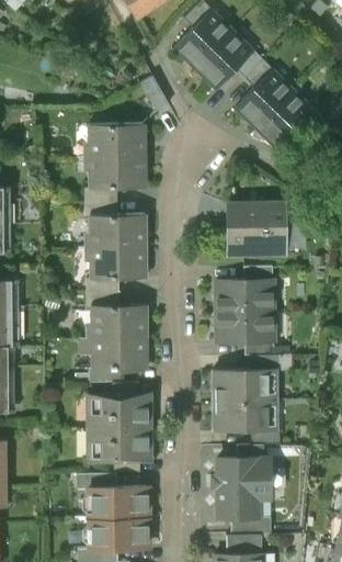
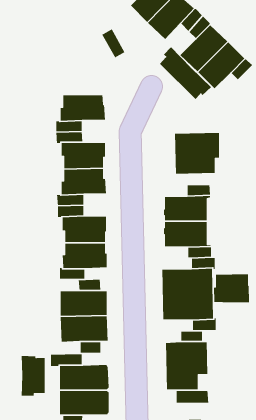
building: none -> [159,46,212,100]
building: [89,124,145,156] -> none
building: none -> [213,274,250,303]
building: none -> [21,355,46,396]

